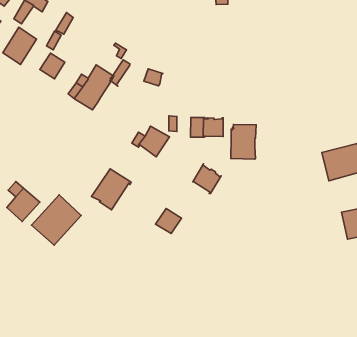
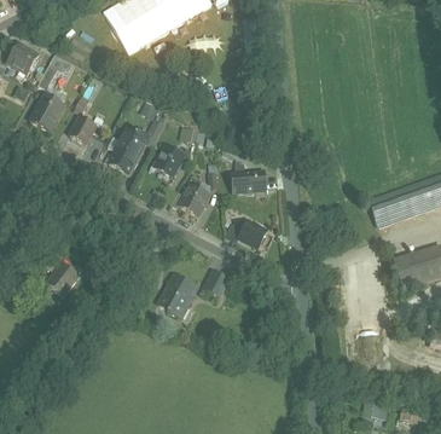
building: none -> [153,144,184,177]
building: [231,125,256,159] -> none
building: [92,169,131,210] -> [157,274,197,317]
building: [32,195,81,245] -> none

